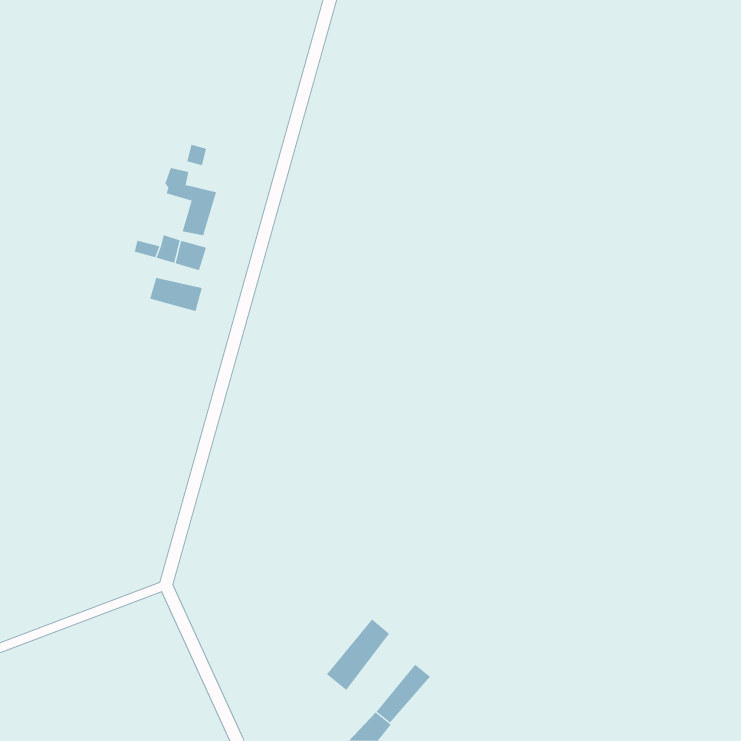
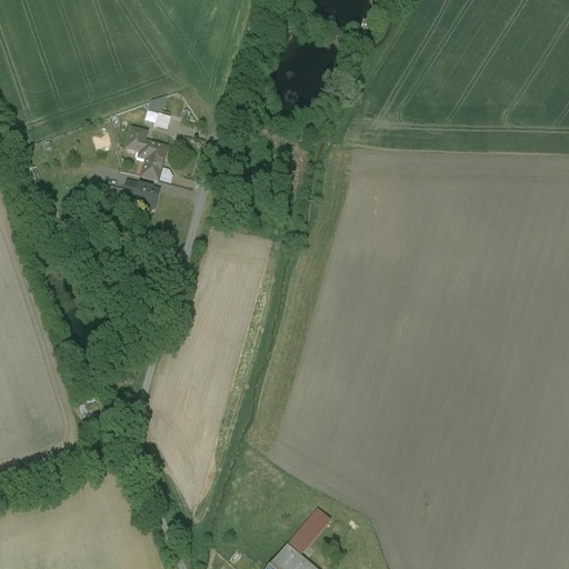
building: [150,277,202,312] -> none
building: [326,619,390,691] -> none

